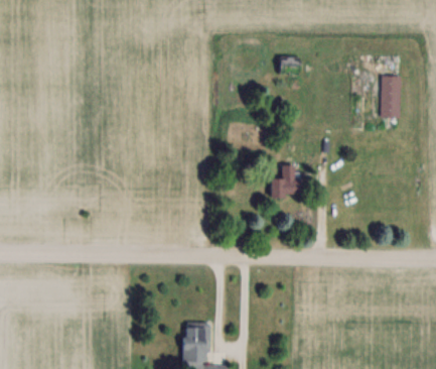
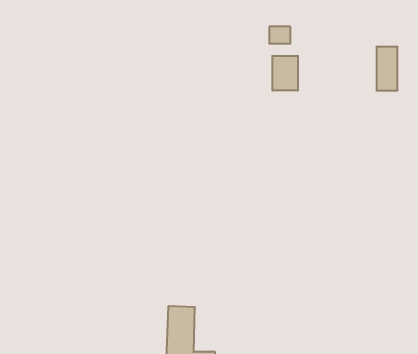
building: none -> [272,56,298,91]
building: [271,163,297,196] -> none

